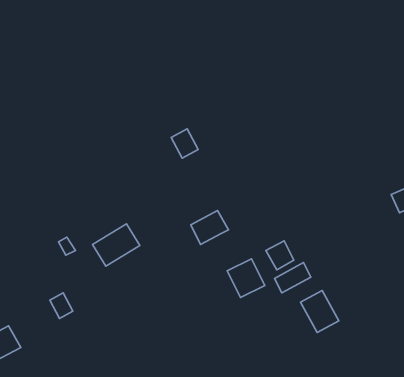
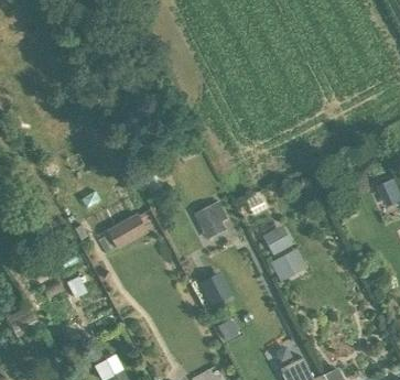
building: [227,259,265,298] -> [198,271,233,306]
building: [301,290,339,333] -> none

